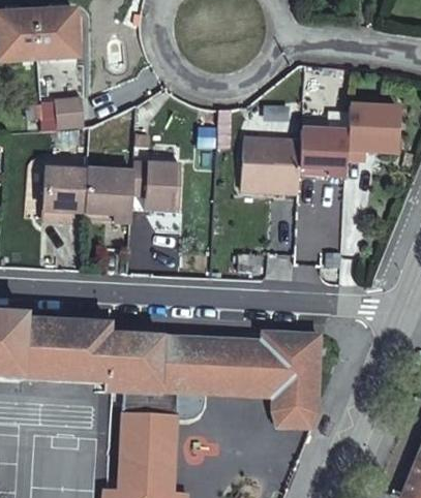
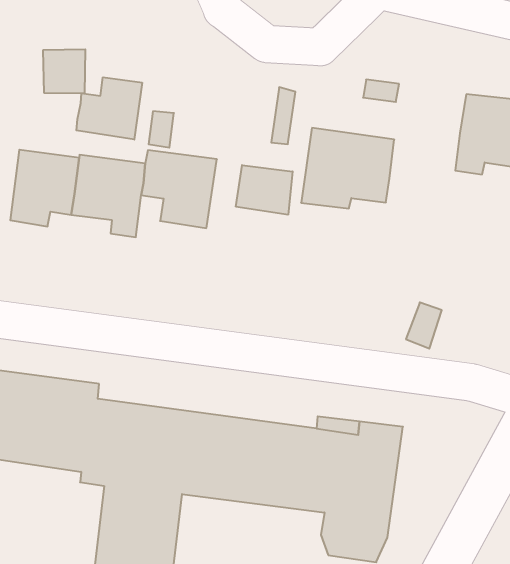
building: none -> [76,77,142,140]
building: [298,128,343,175] -> none
building: none -> [236,165,293,215]

